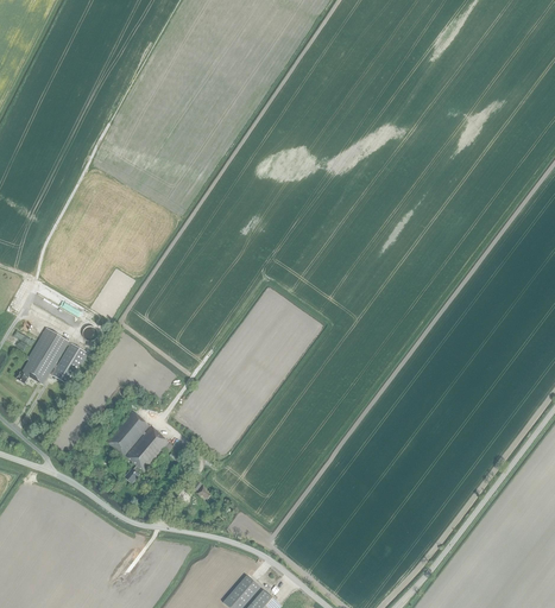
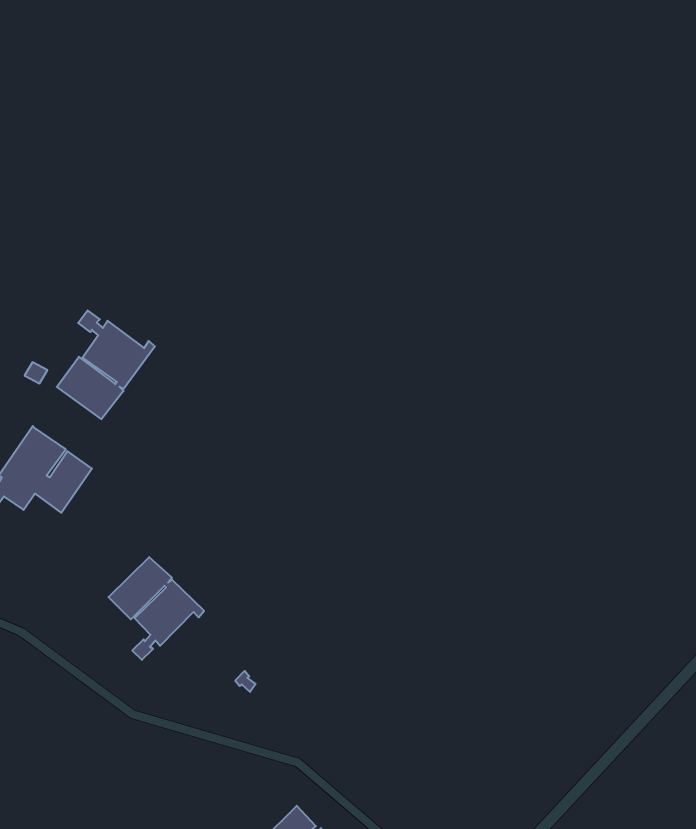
building: none -> [57,310,155,419]

